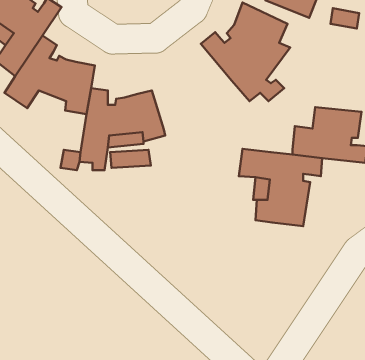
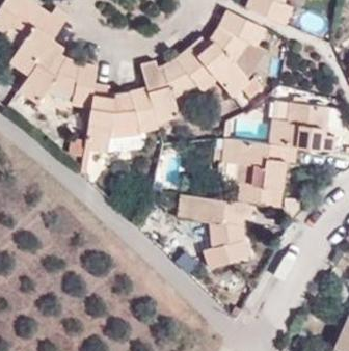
building: none -> [140,46,216,120]
building: none -> [177,193,251,268]

